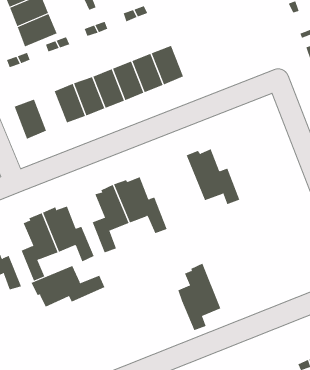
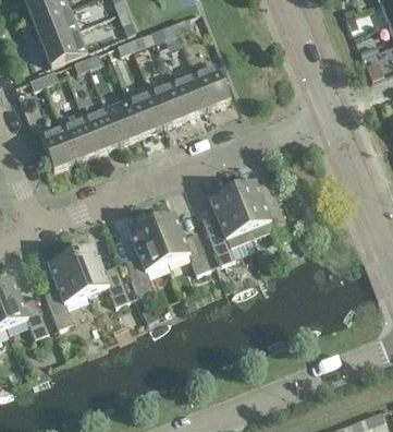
building: none -> [61,116,97,160]
building: [177,263,221,331] -> [202,188,251,264]
building: [31,265,105,308] -> none

